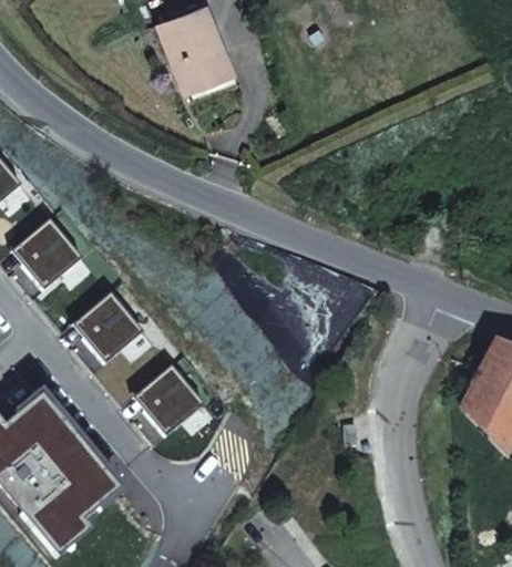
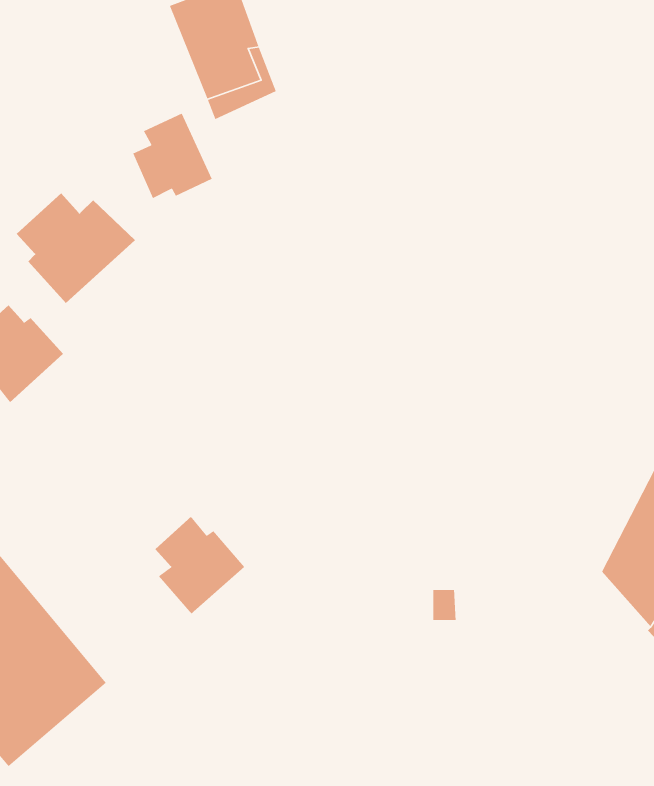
building: none -> [132,112,213,199]
building: none -> [16,193,136,304]
building: [83,296,146,363] -> none

